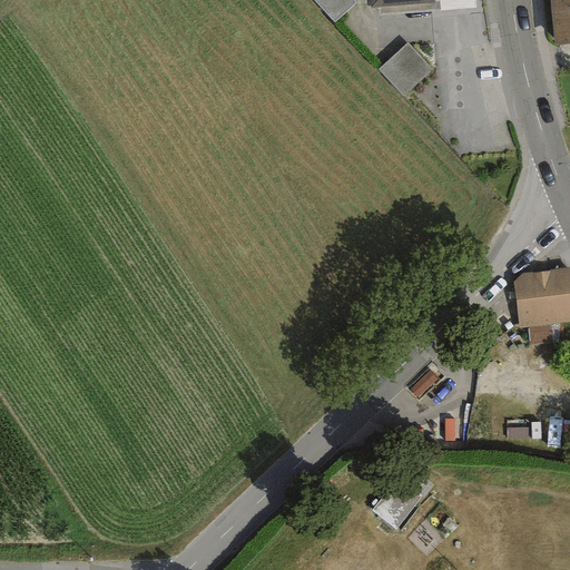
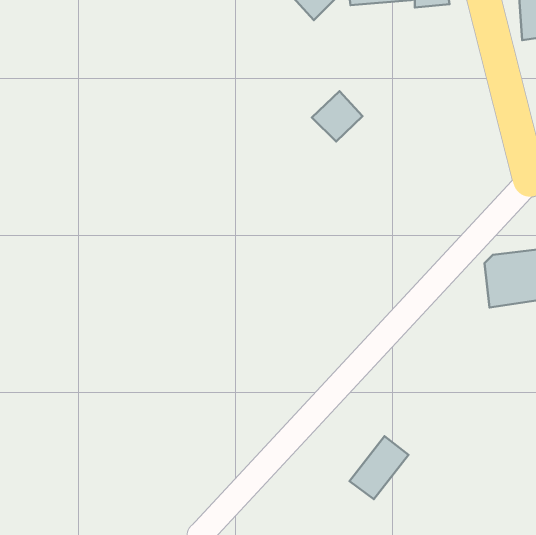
building: [382,43,435,97] -> [312,91,363,142]

